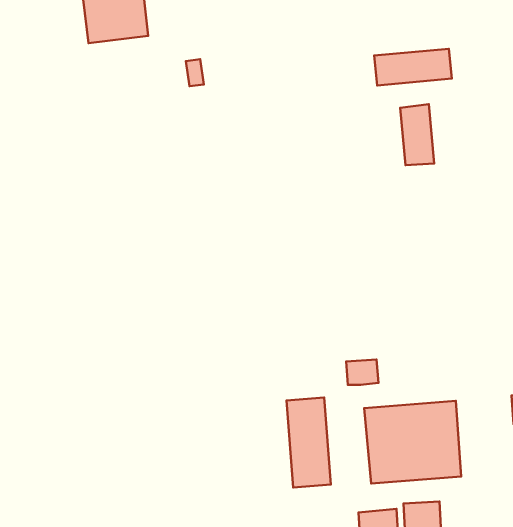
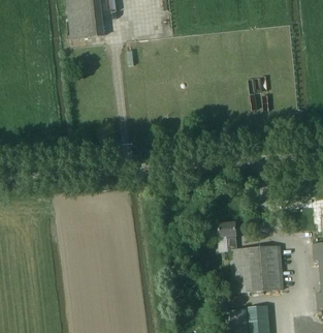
building: [374,49,452,85] -> none
building: [286,397,331,488] -> none

